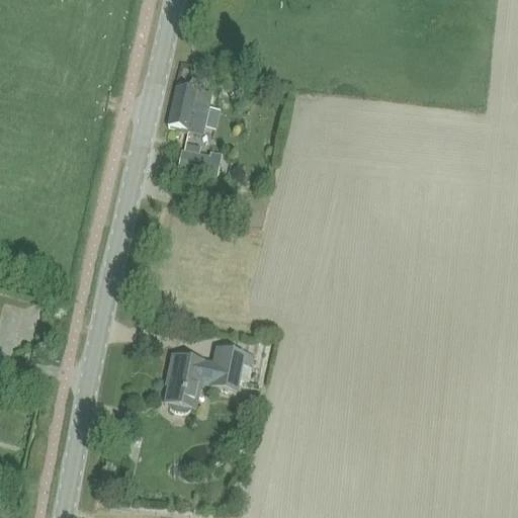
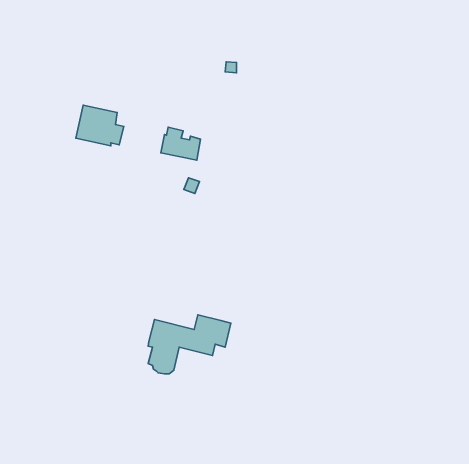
building: [168,84,221,128] -> [76,105,124,146]

